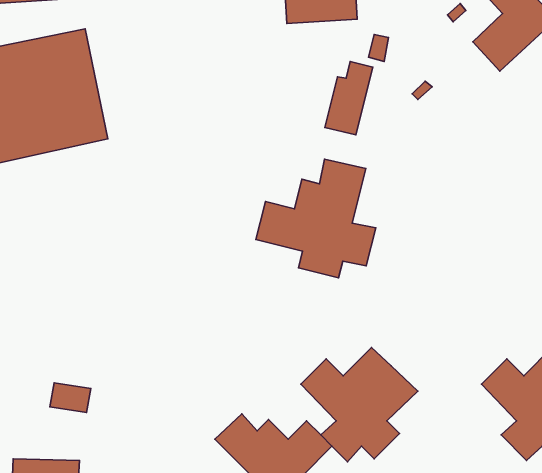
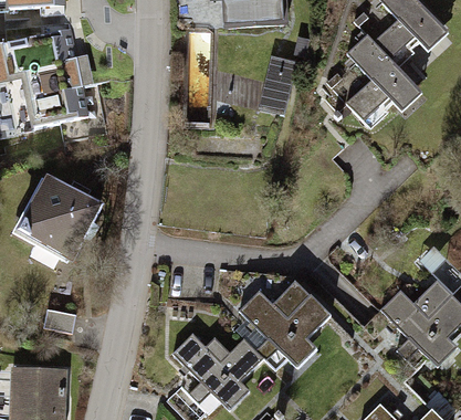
building: none -> [346,34,412,126]
building: [256,159,376,278] -> none
building: none -> [19,178,98,258]

